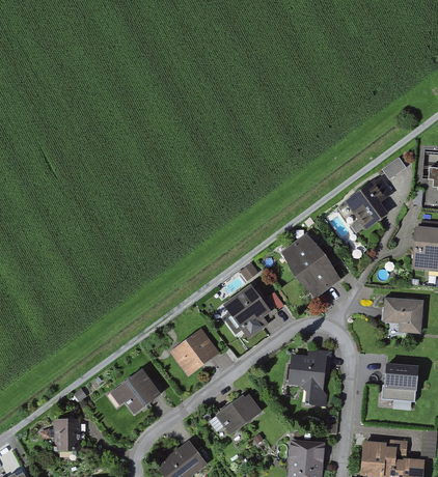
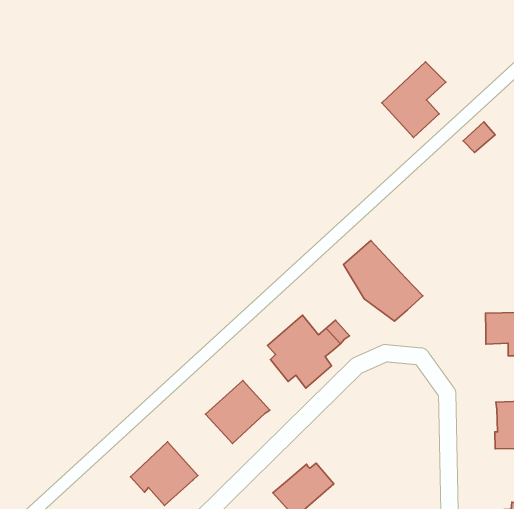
building: [345,174,393,229] -> [382,62,446,138]
building: [288,348,330,404] -> none

